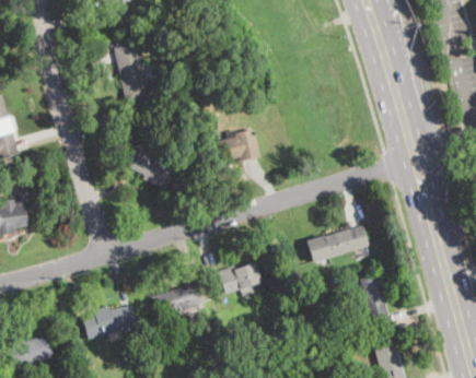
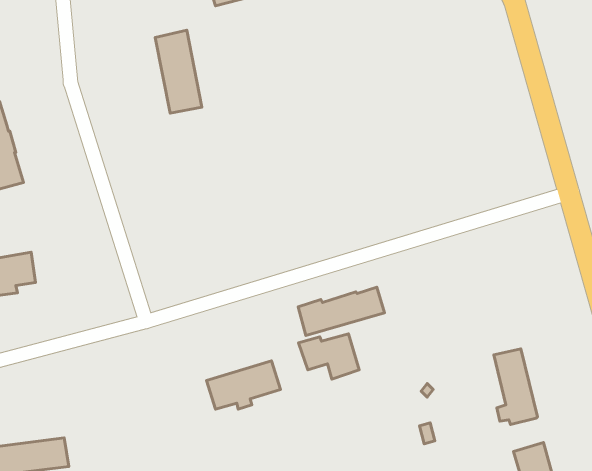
building: [217,127,259,162] -> none
building: [127,147,176,191] -> none
building: [307,227,370,262] -> [298,287,384,336]
building: [83,306,138,340] -> none

